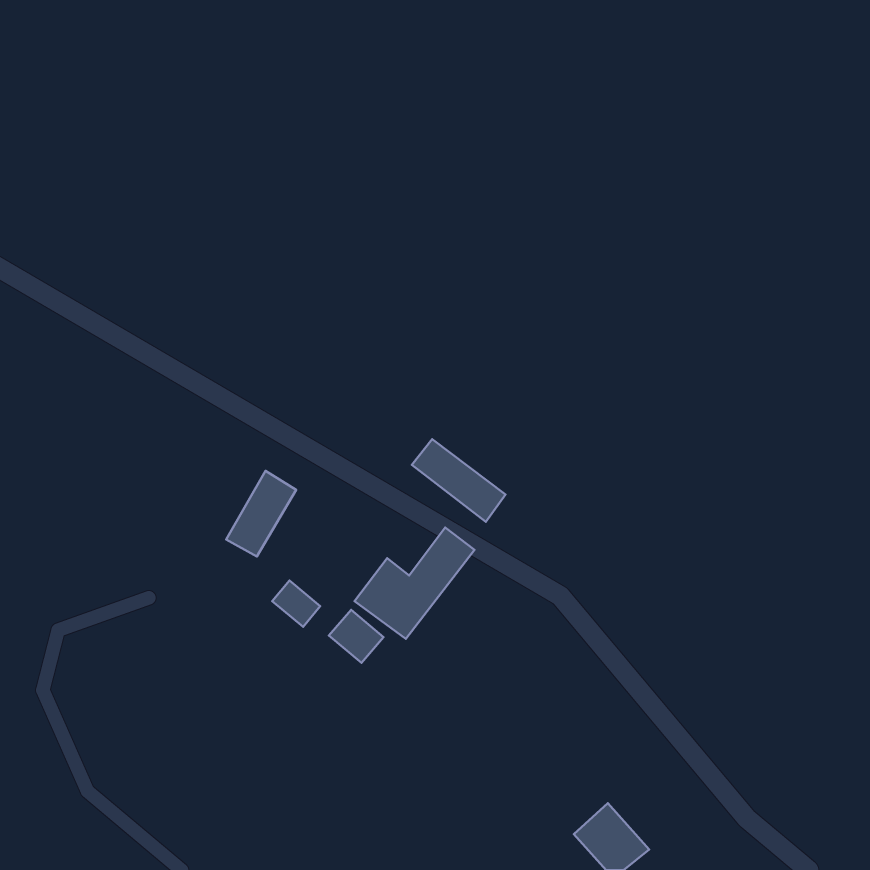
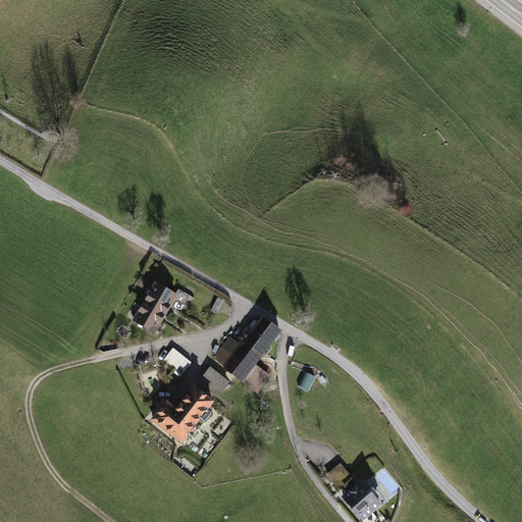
building: [412,439,505,522] -> none
building: none -> [149,384,216,445]

